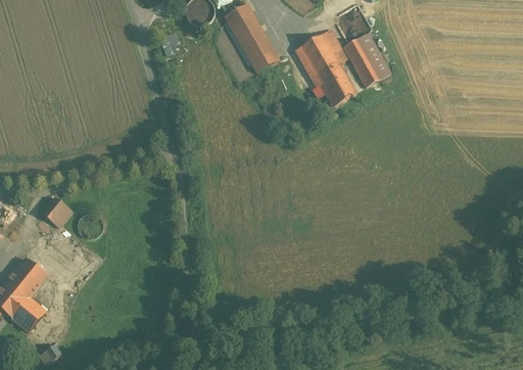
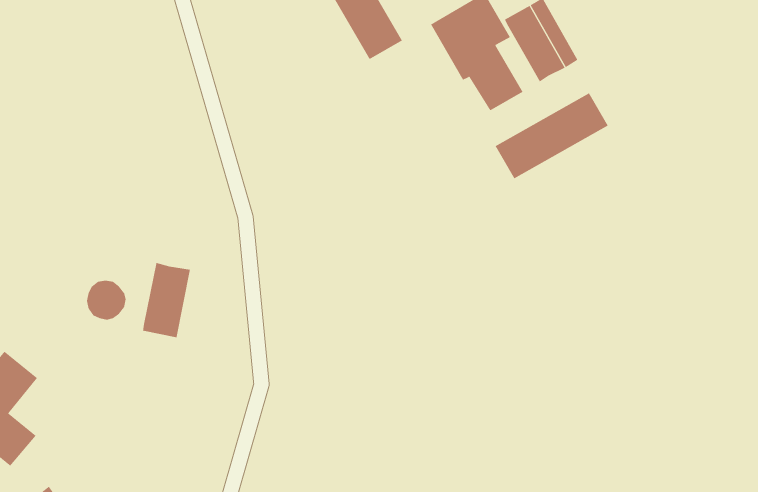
building: none -> [495,93,608,179]
building: [42,197,72,227] -> none
building: none -> [143,262,191,338]

